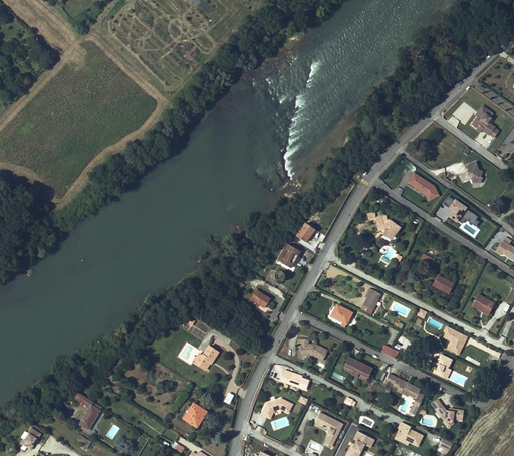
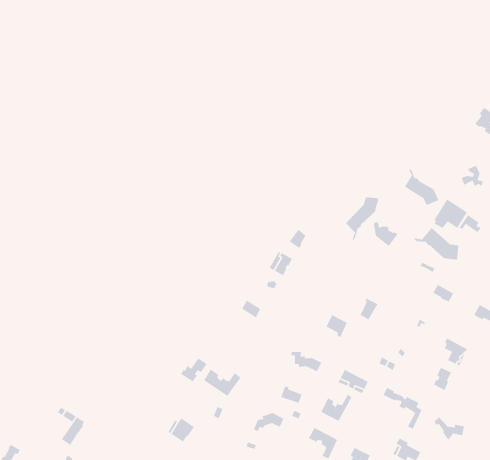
building: none -> [345,196,379,243]
building: none -> [411,227,459,261]
building: none -> [203,369,241,397]
building: none -> [320,394,353,422]

